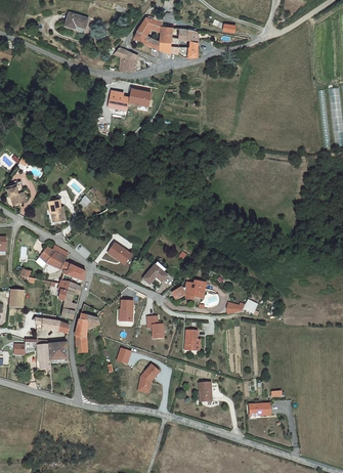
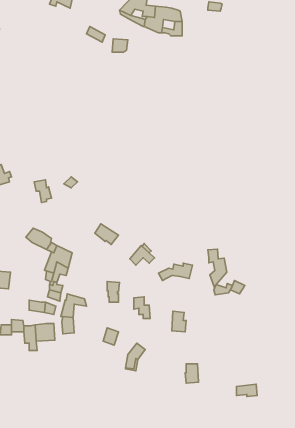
building: [105,88,147,111] -> none
building: none -> [208,249,227,287]

